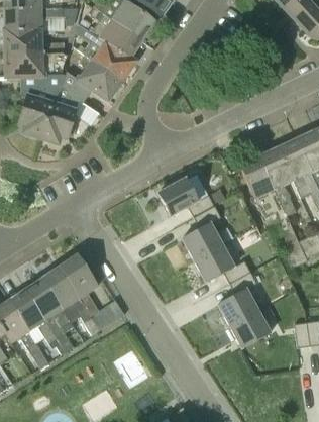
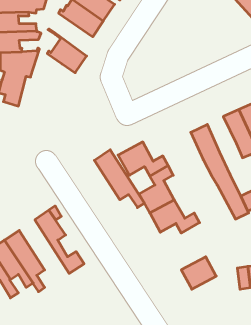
building: [75,22,134,79] -> none
building: [42,71,93,141] -> none
building: [260,148,296,215] -> none
building: [43,268,101,334] -> [94,150,144,208]
building: [218,271,258,325] -> none

